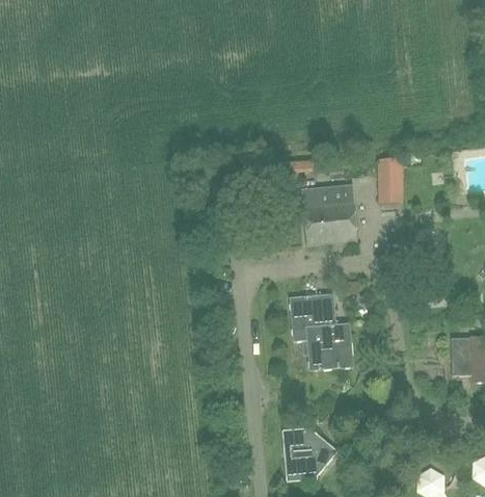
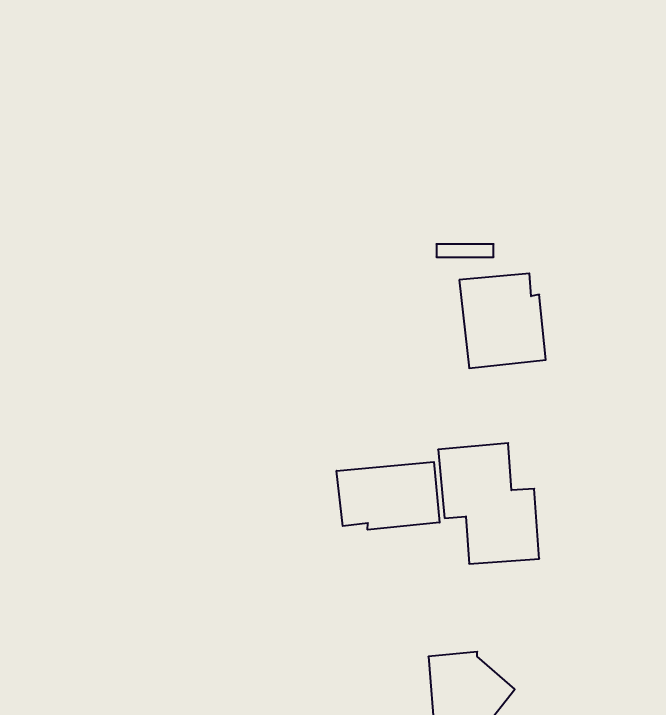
building: [378,159,403,203] -> none
building: none -> [337,462,440,530]

